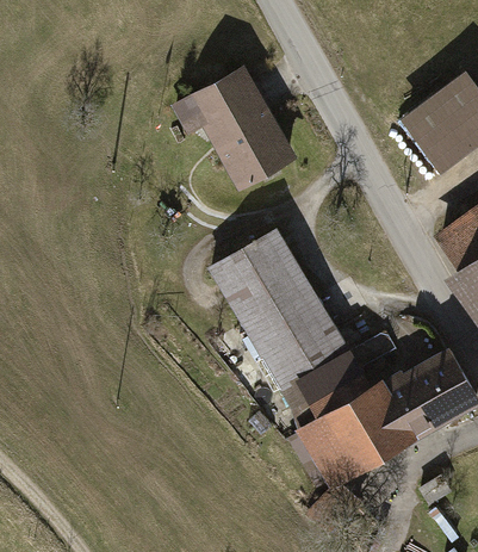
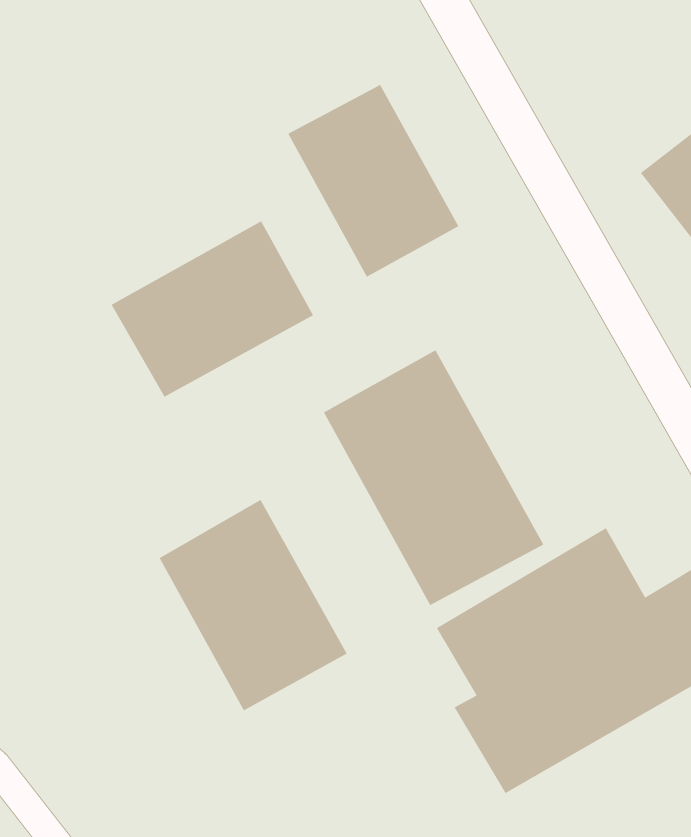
building: none -> [110,220,314,398]
building: none -> [158,499,348,712]

